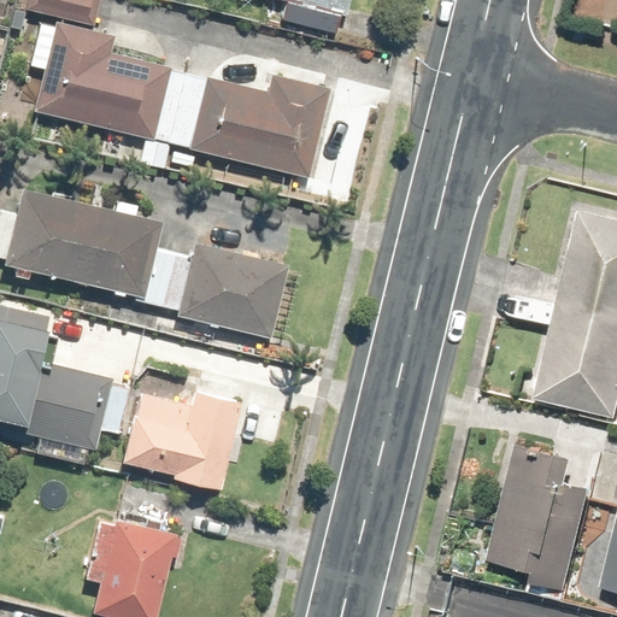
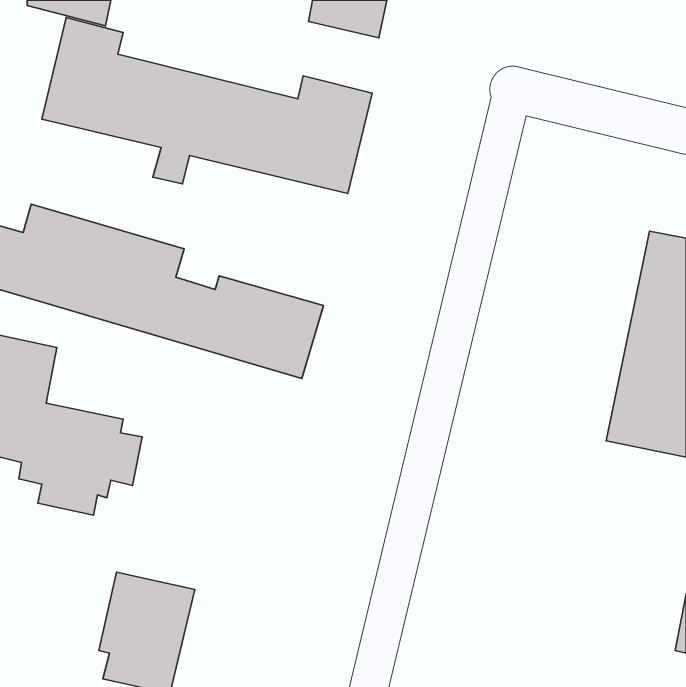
building: [124,386,243,490] -> none
building: [487,448,590,590] -> none

